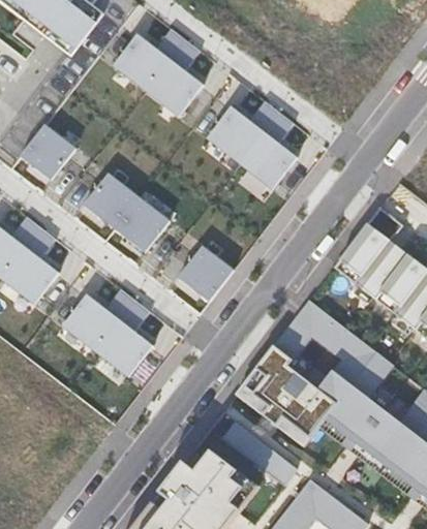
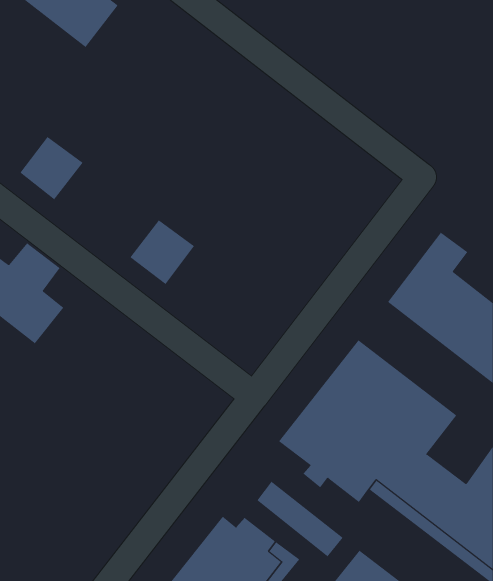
building: [114,29,204,116] -> none
building: [206,103,295,186] -> none
building: [84,174,139,229] -> none
building: [178,246,233,301] -> none
building: [63,289,153,376] -> none

